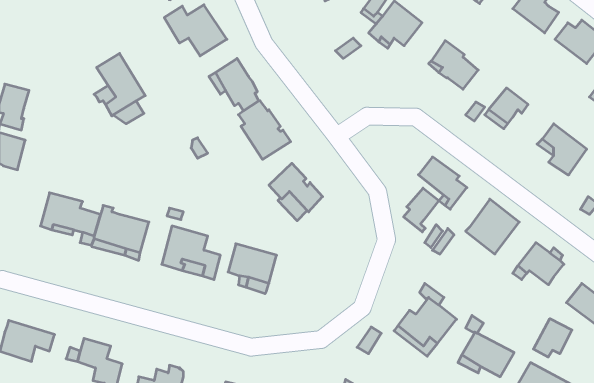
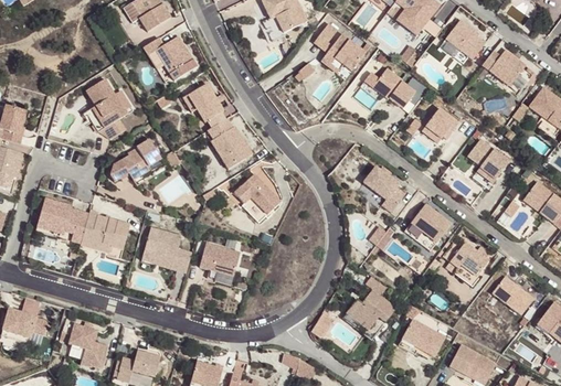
building: none -> [110,138,161,181]
building: [404,188,439,232] -> none
building: [533,319,572,357] -> none

